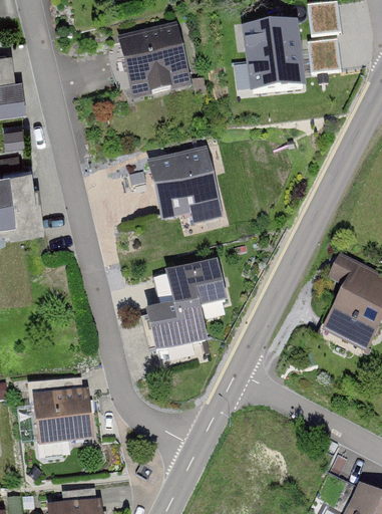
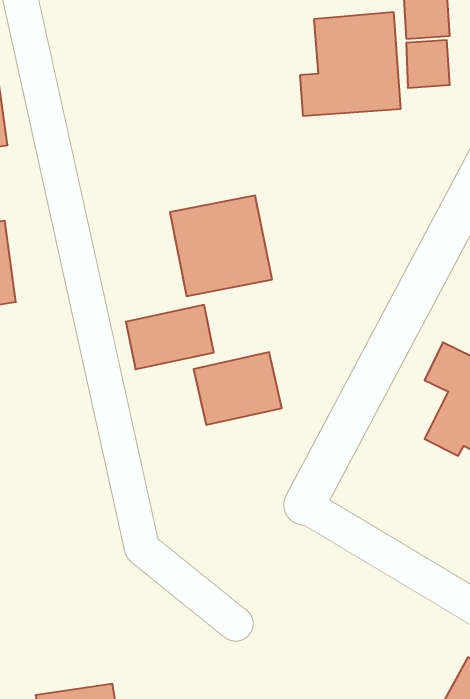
building: [118,24,189,99] -> none
building: [137,310,201,356] -> [126,305,214,369]
building: [32,389,97,450] -> none

